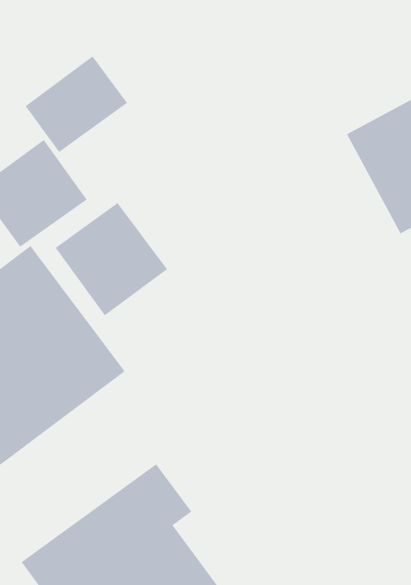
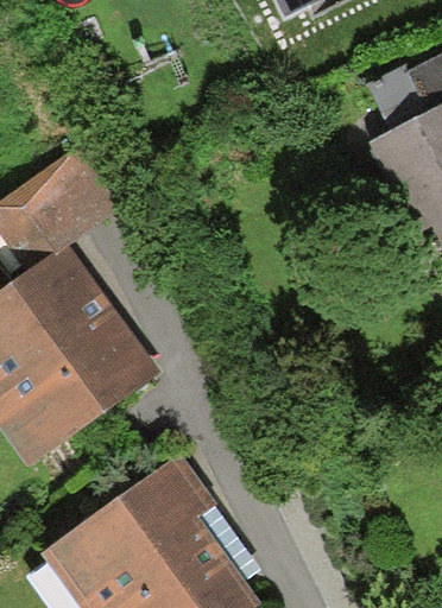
building: [25,56,128,153] -> none
building: [55,202,168,316] -> none

